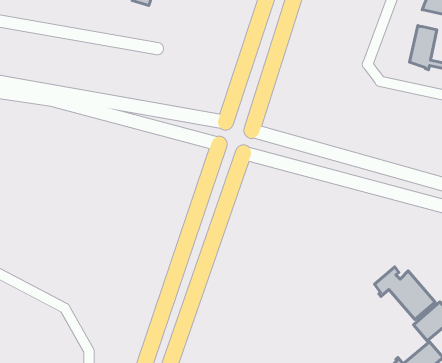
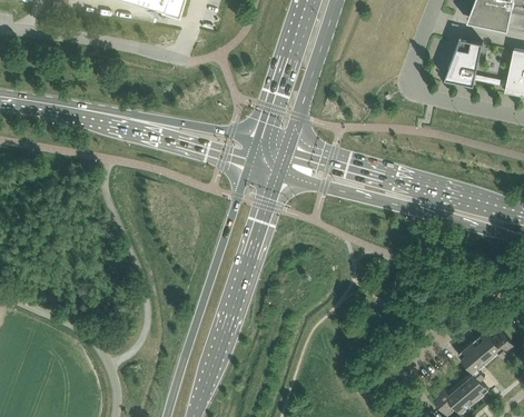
building: [375,267,435,319] -> none

